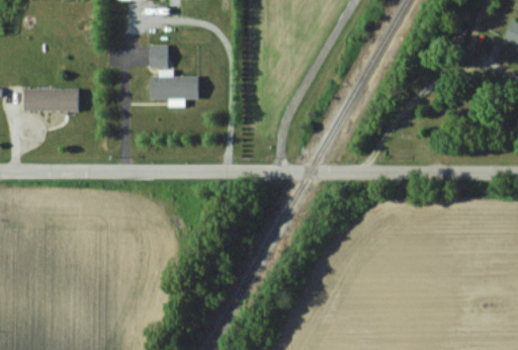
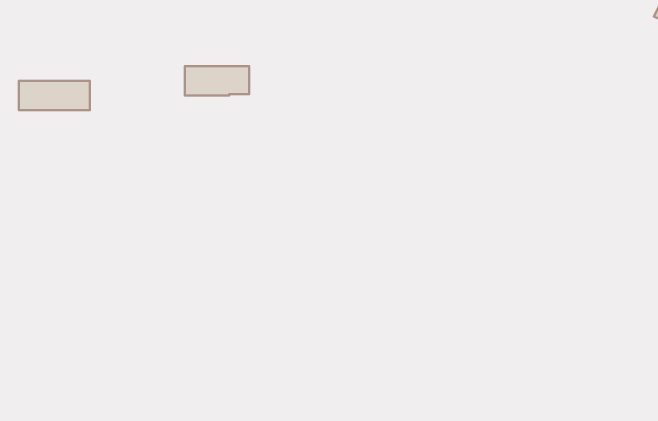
building: [150,45,167,67] -> none

